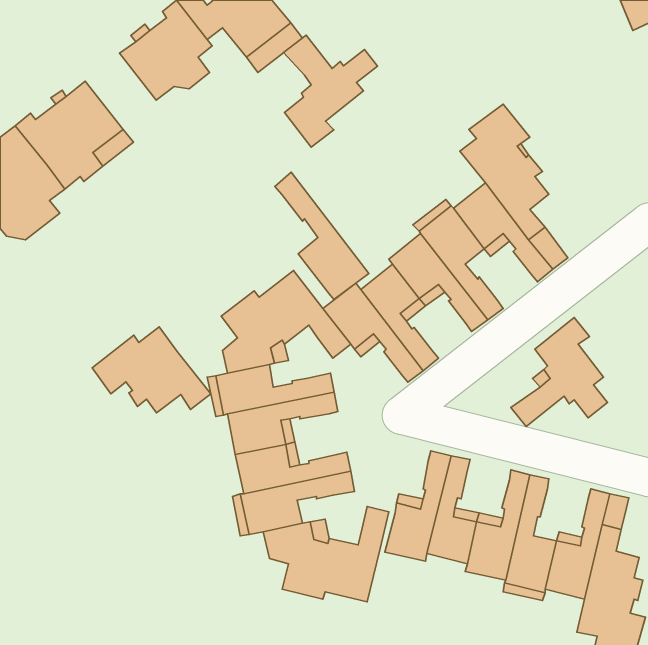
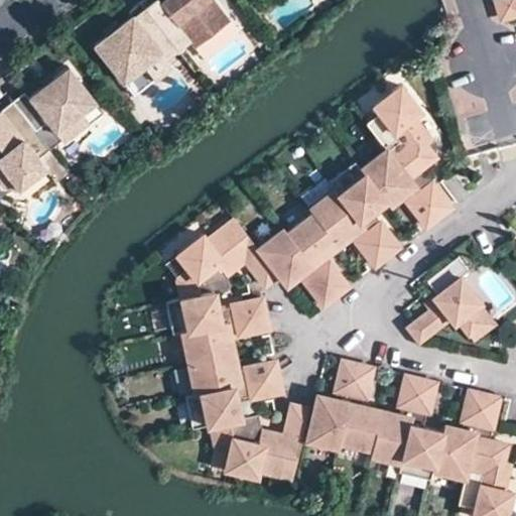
building: [284,35,377,147] -> none
building: [275,172,369,300] -> none
building: [92,327,211,413] -> none

